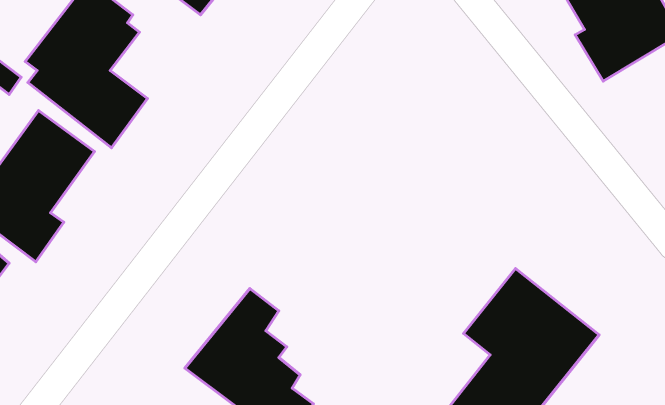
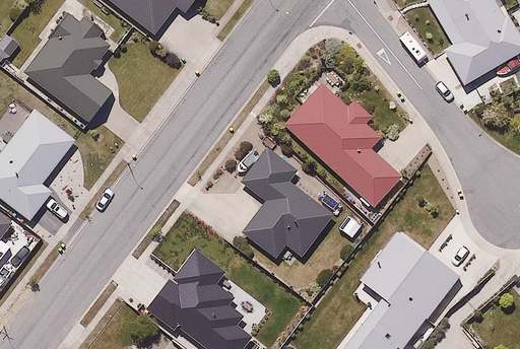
building: none -> [282,83,404,212]
building: none -> [238,145,333,262]

